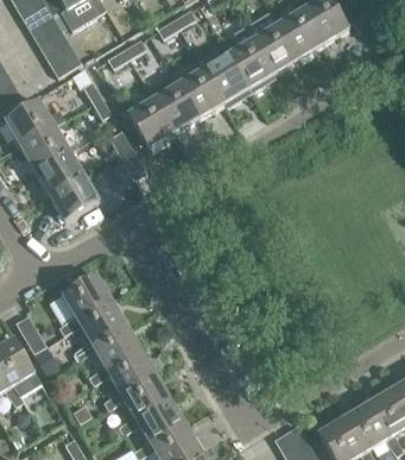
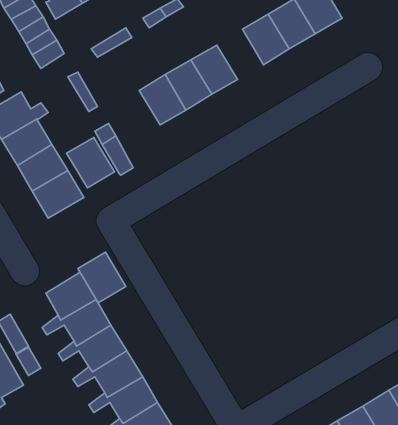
building: [227,25,272,90] -> none
building: [126,97,172,146] -> [67,137,115,188]
building: none -> [78,252,126,303]

